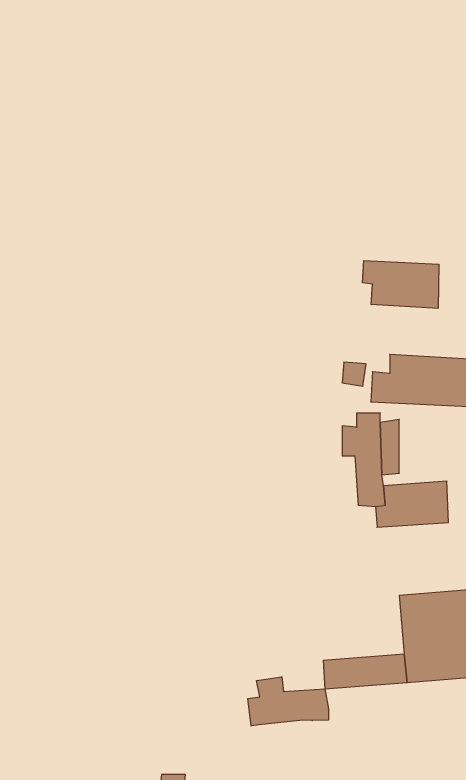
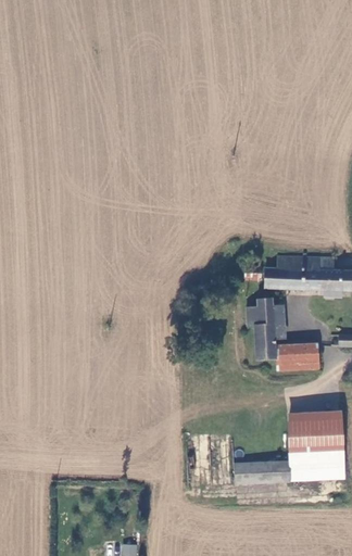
building: [363,261,439,308] -> none
building: [248,677,328,726] -> none

